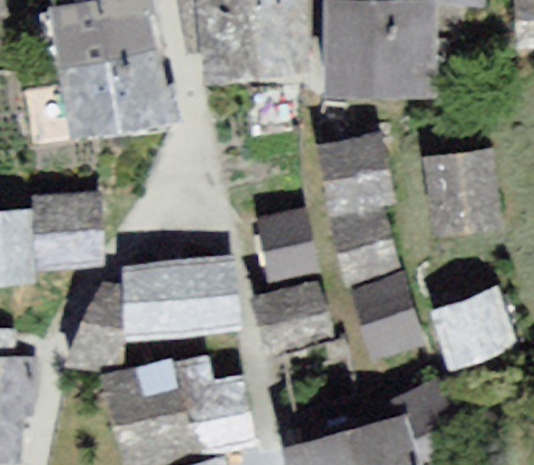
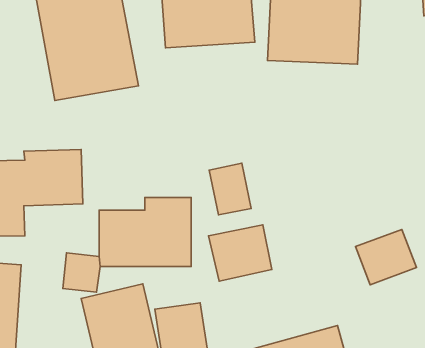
building: [318,129,432,363] -> none
building: [418,147,508,238] -> none

